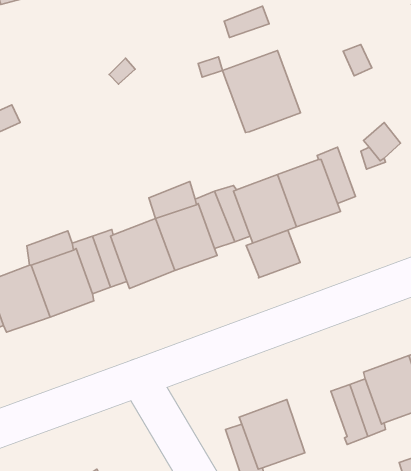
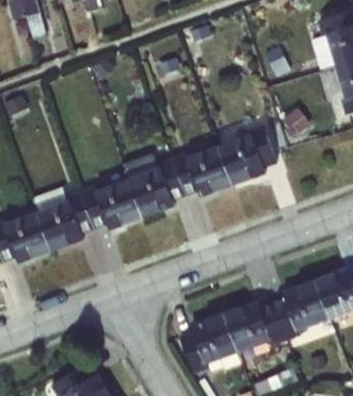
building: [223,51,300,133] -> none
building: [246,230,300,278] -> none
building: none -> [225,301,270,351]

